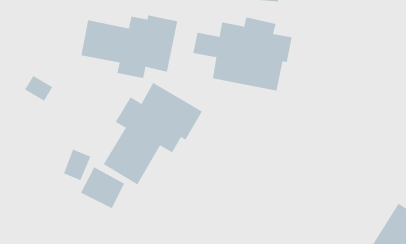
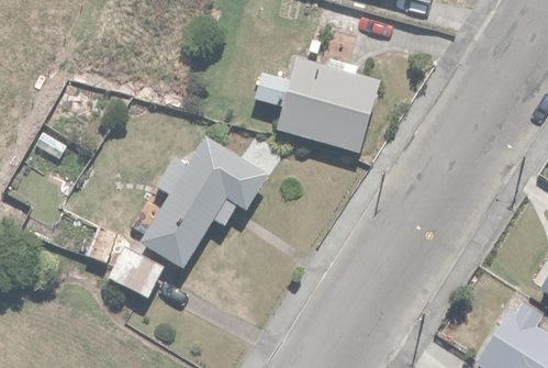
building: [81,15,178,79] -> none

